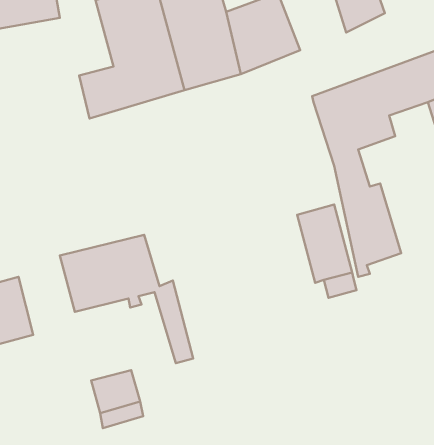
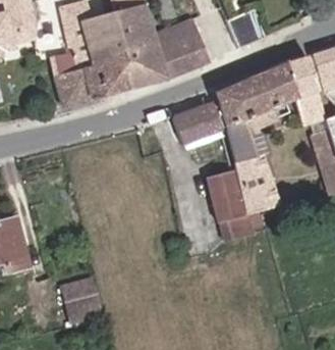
building: none -> [172,105,221,144]
building: [60,235,193,363] -> none

